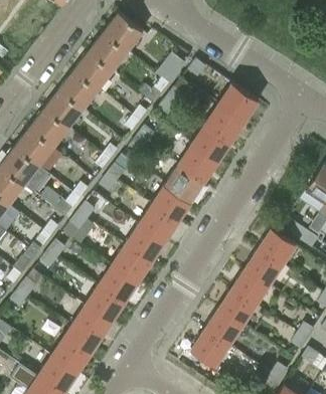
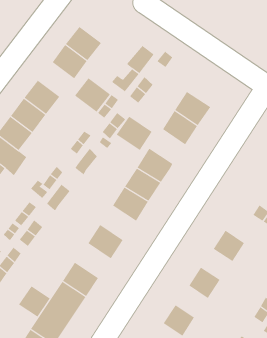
building: [104,13,143,51] -> none
building: [59,71,99,109] -> [74,77,111,112]
building: [218,82,258,120] -> none
building: [178,143,217,180] -> [116,116,152,151]
building: [115,217,165,261] -> none
building: [260,230,295,264] -> none
building: [99,264,138,302] -> none
building: [233,270,268,304] -> none
building: none -> [18,285,51,318]
building: [206,310,241,344] -> none

